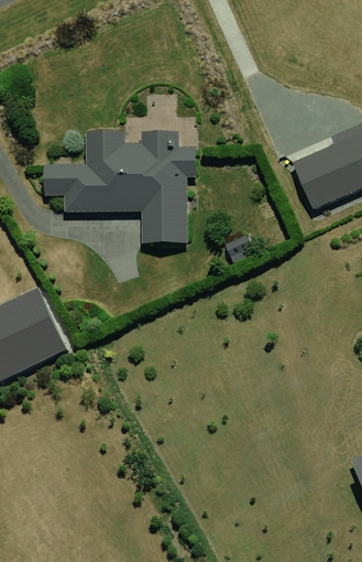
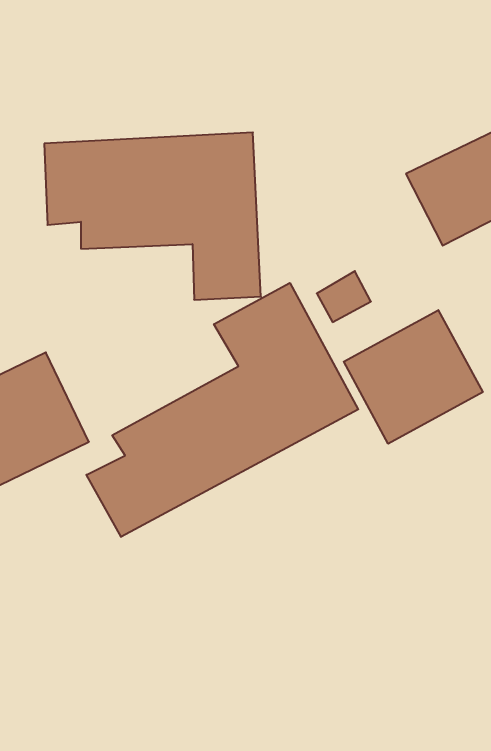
building: none -> [86,283,358,537]
building: none -> [344,310,483,444]

